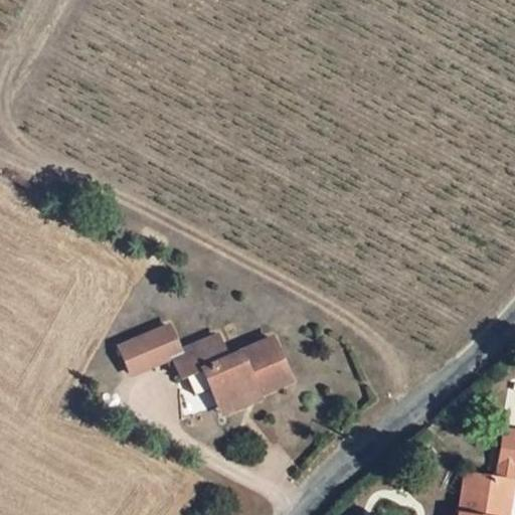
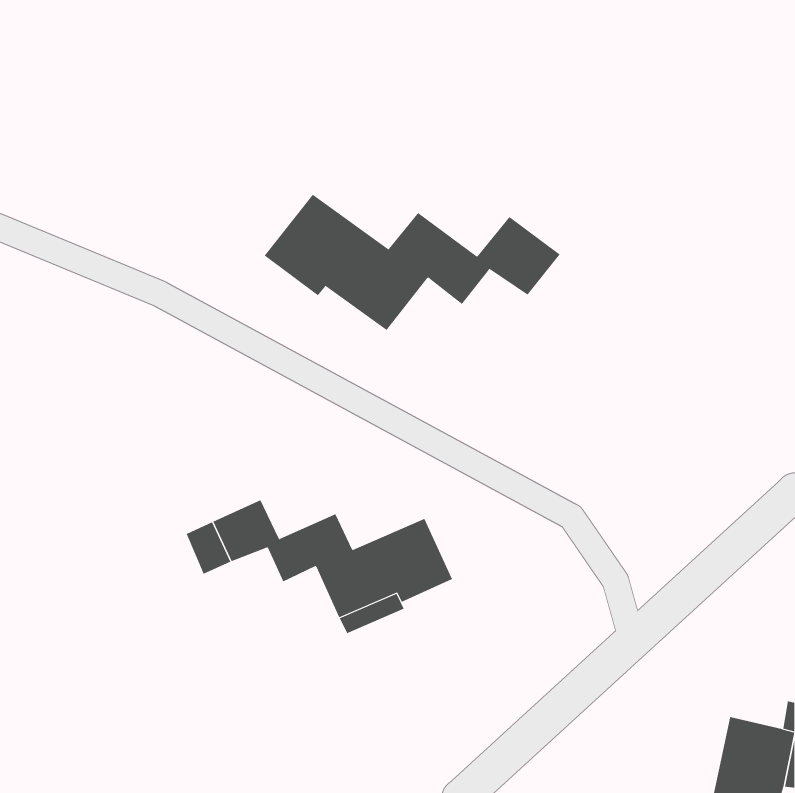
building: none -> [264,194,560,331]

